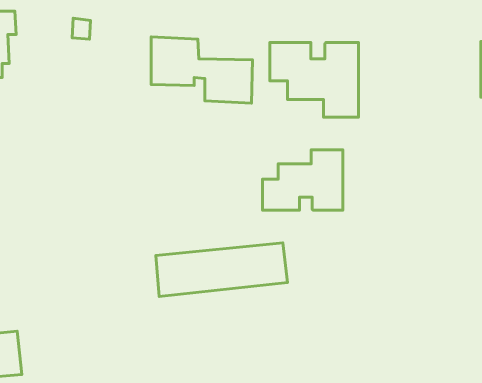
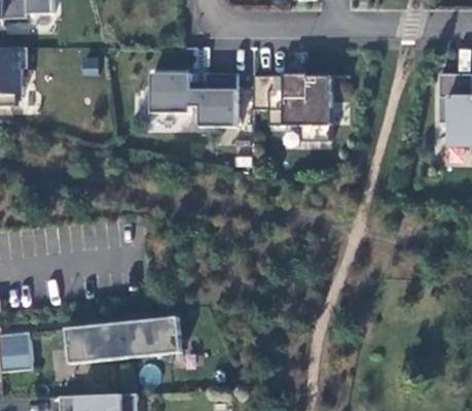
building: [262,150,343,210] -> none
building: [156,243,287,296] -> [66,315,182,363]

